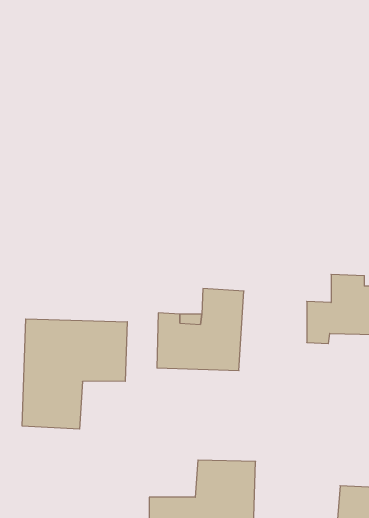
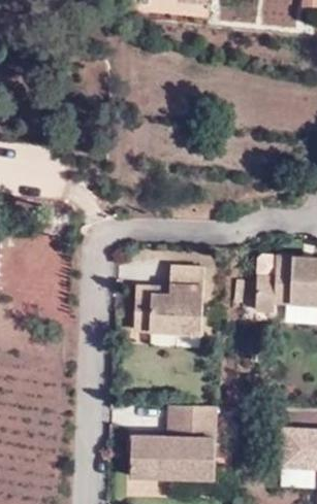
building: [22,319,127,429] -> none

